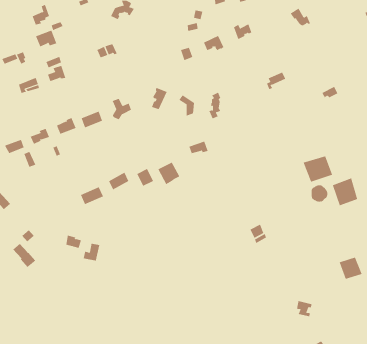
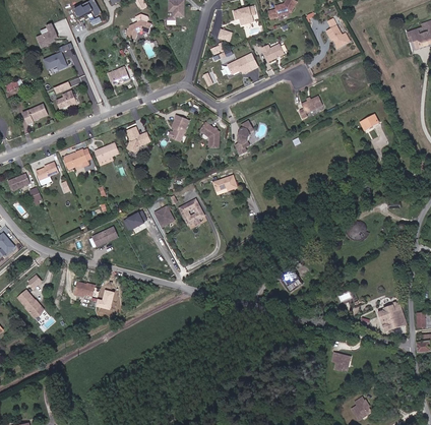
building: [303,156,333,183] -> none
building: [332,177,358,206] -> none

